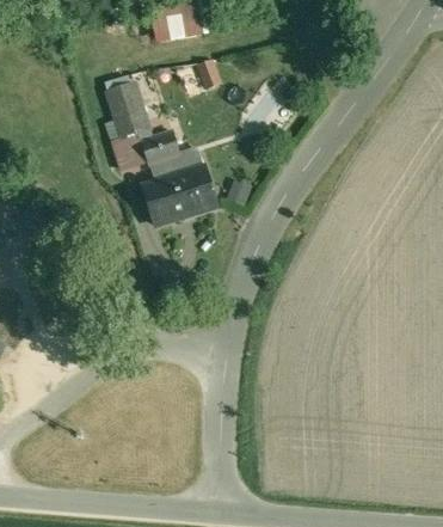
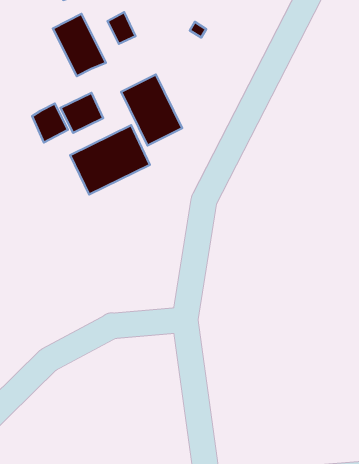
building: [105,81,149,139] -> [53,14,106,76]
building: none -> [121,74,182,146]

